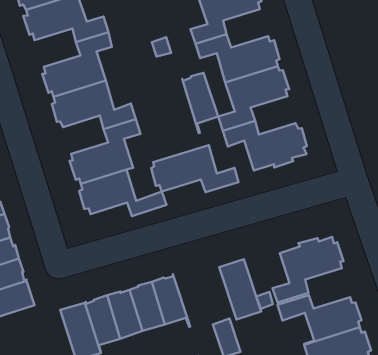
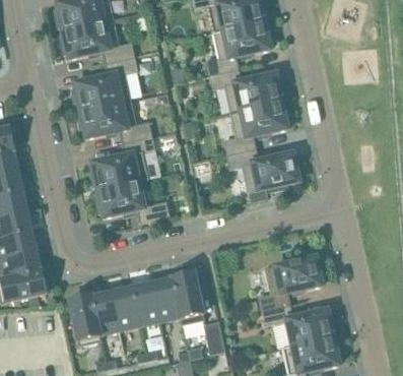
building: [182,73,218,133] -> none
building: [151,145,239,192] -> none
building: [219,259,261,319] -> [171,271,204,324]

